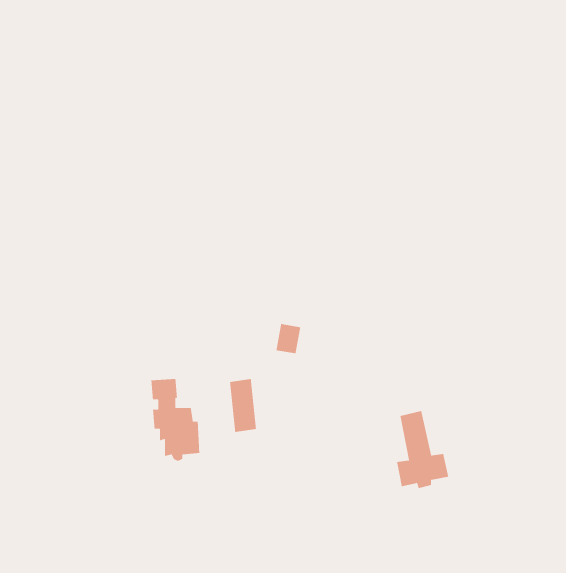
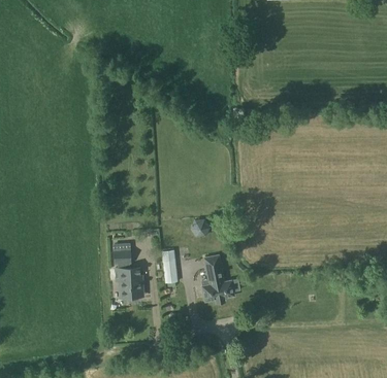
building: [396,410,449,489] -> [202,253,234,301]

